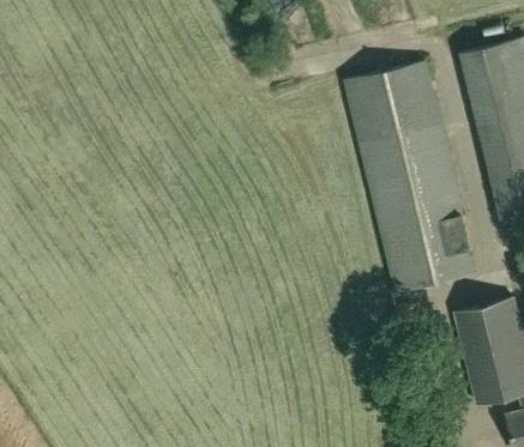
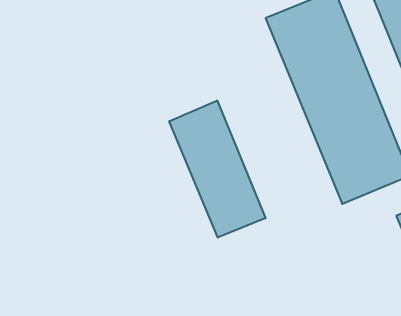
building: none -> [169,100,266,238]

